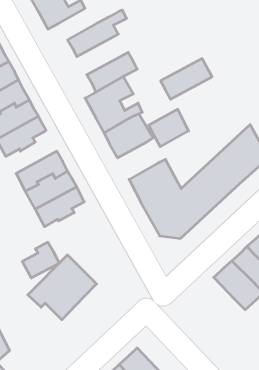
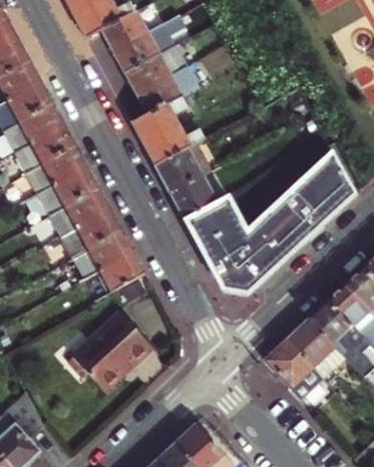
building: none -> [99,11,145,51]
building: [161,59,212,99] -> [121,44,183,93]
building: [149,109,189,147] -> [170,174,219,219]
building: none -> [36,160,97,212]
building: [22,242,60,278] -> [99,247,144,290]
building: none -> [265,338,325,402]

